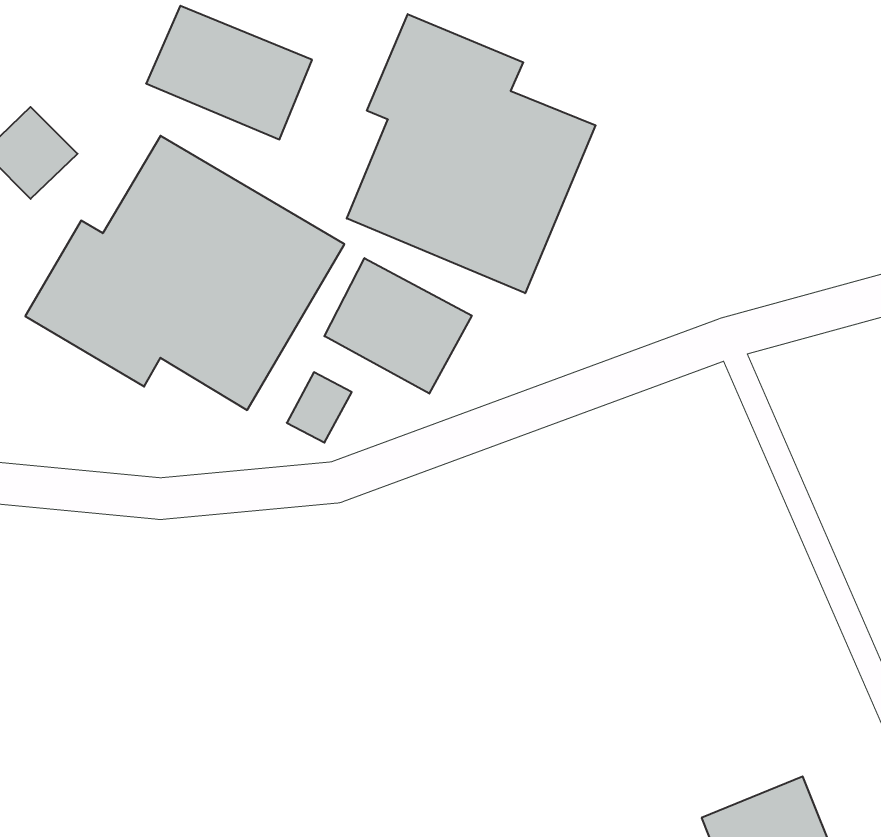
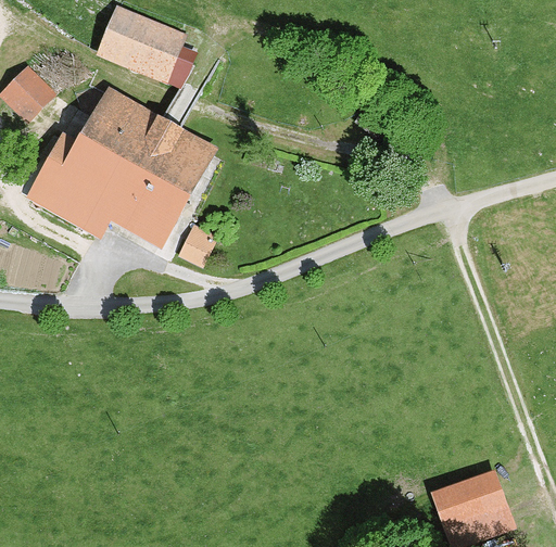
building: [347,14,596,293] -> none
building: [324,258,472,394] -> none

